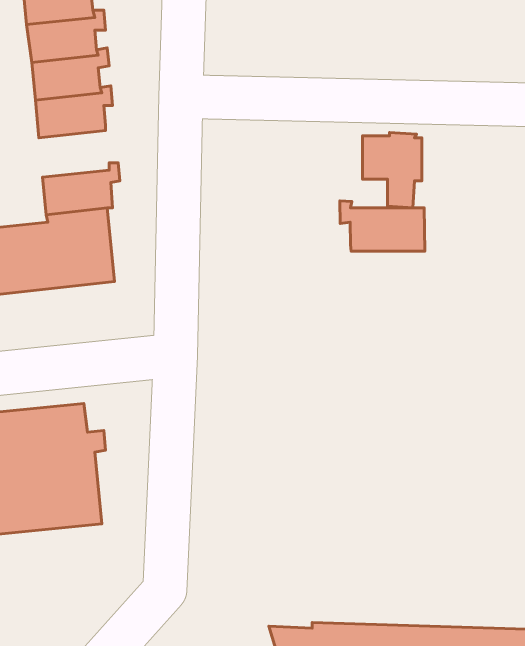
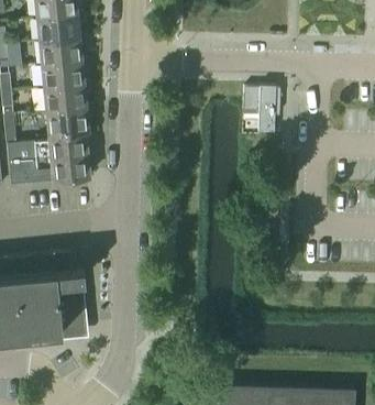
building: none -> [44,84,91,117]
building: [340,201,425,251] -> none

